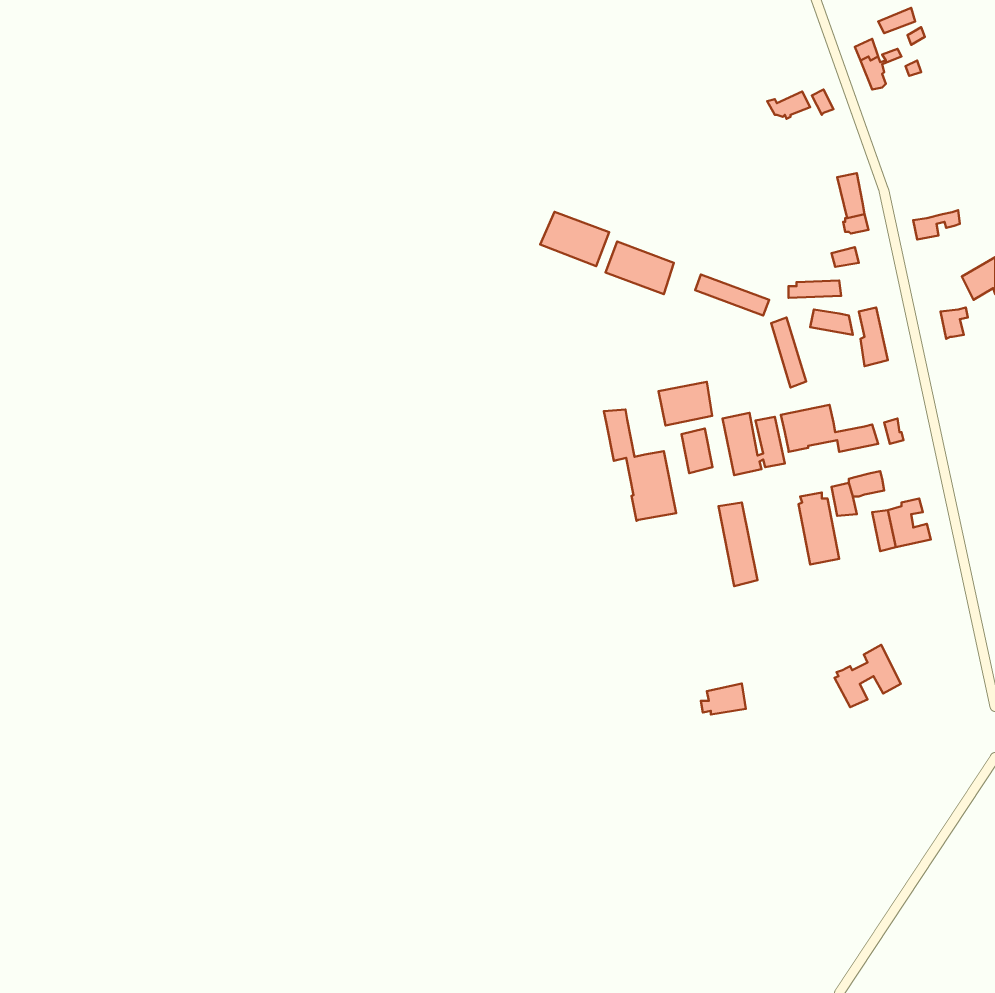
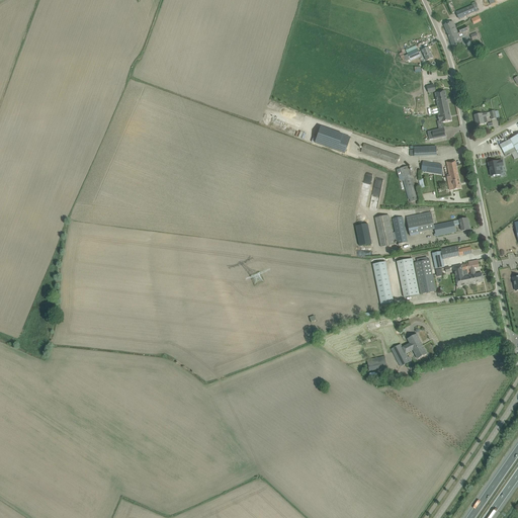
building: [540,212,609,266] -> none
building: [659,382,712,425] -> none
building: [604,409,676,521] -> none
building: none -> [397,258,420,296]
building: [835,645,901,707] -> [393,333,427,365]

